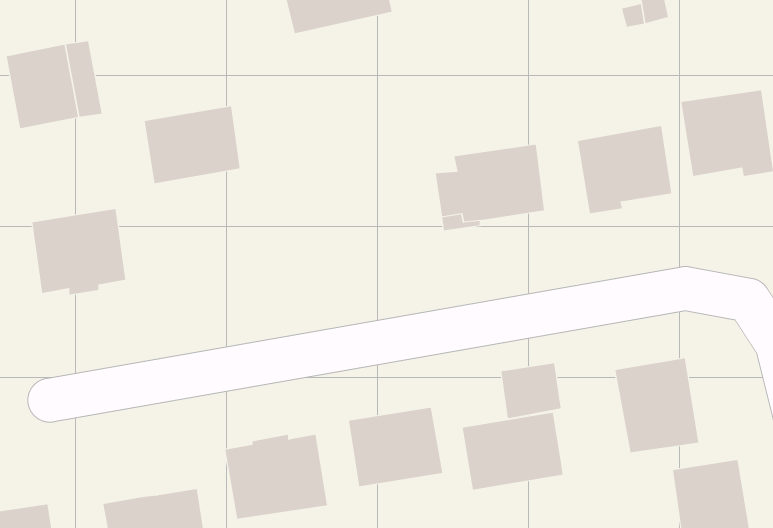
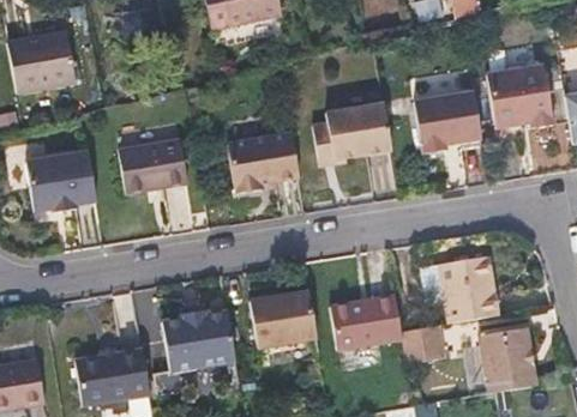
building: [144,106,240,184] -> [116,138,185,193]
building: none -> [227,132,297,192]
building: [500,363,561,419] -> [402,324,445,363]

